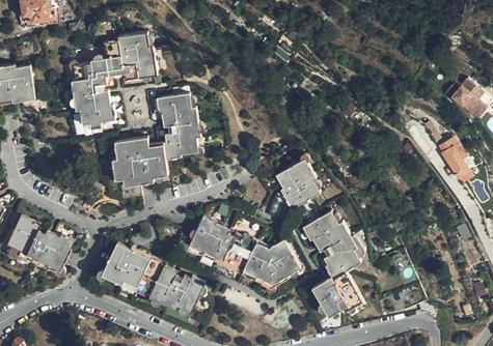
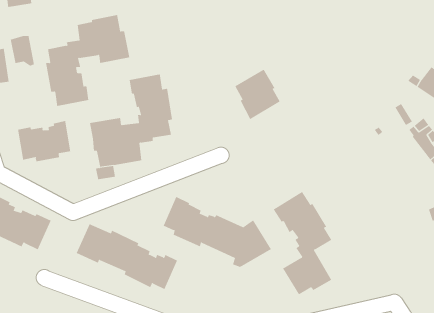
building: none -> [10,35,34,66]
building: none -> [17,120,71,162]
building: [274,157,321,209] -> [235,69,281,120]

